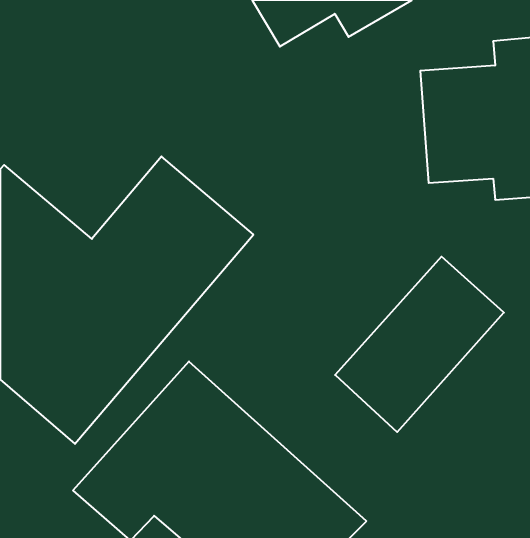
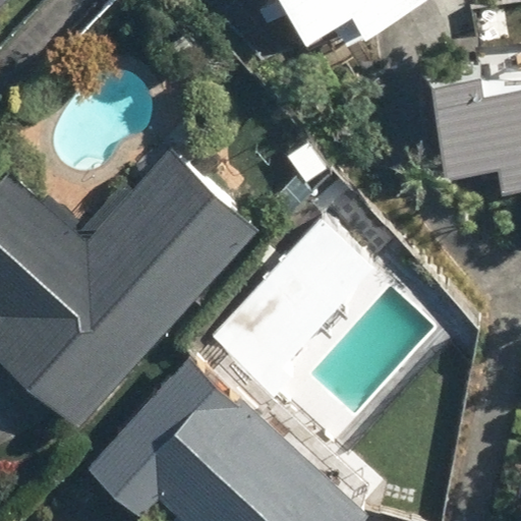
building: [335,257,504,432] -> [214,226,377,395]

